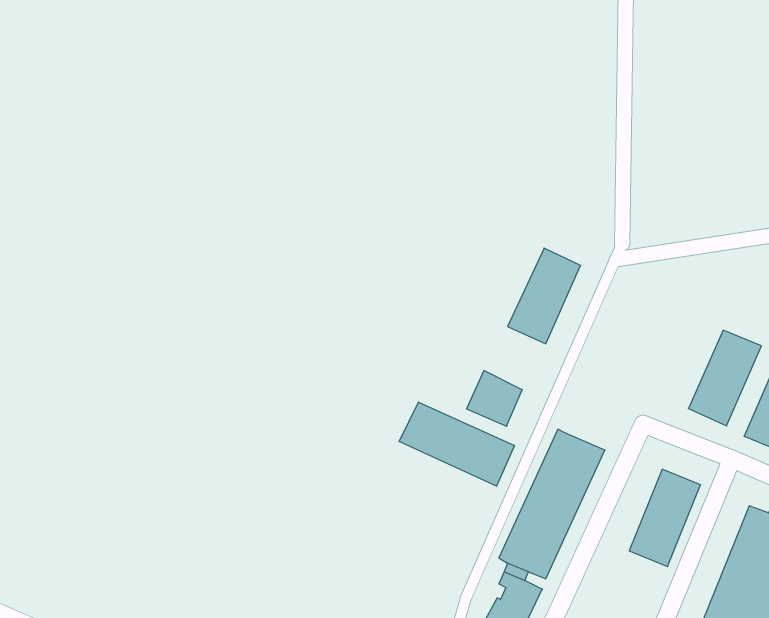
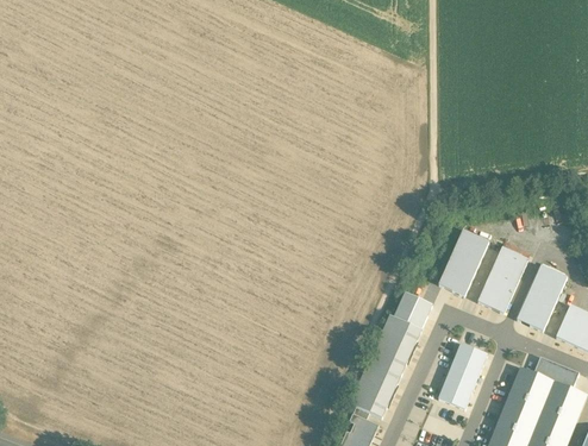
building: [508,248,581,344] -> [438,230,488,295]
building: [467,371,522,426] -> [394,291,432,329]
building: [399,402,514,486] -> none

